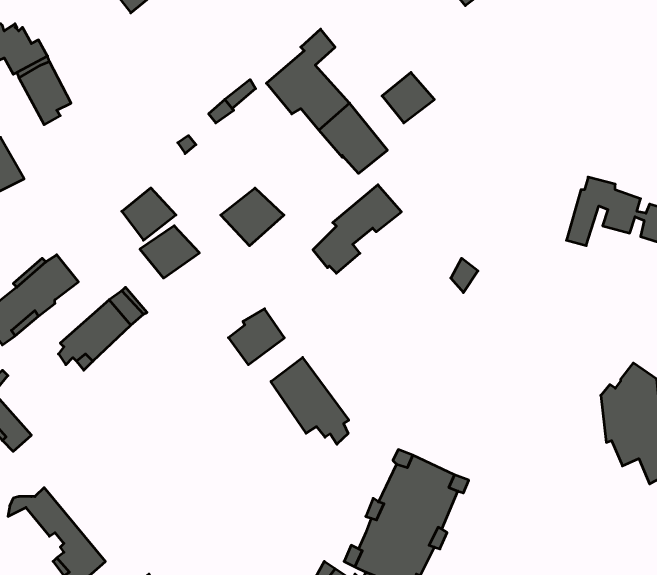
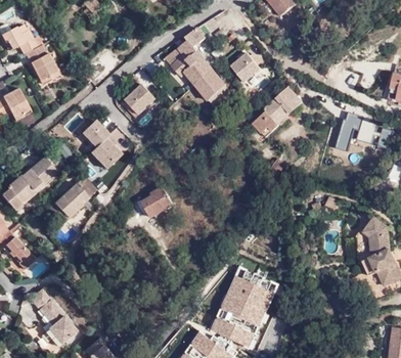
building: [313,185,401,273] -> [255,87,305,137]
building: [221,188,284,246] -> [128,83,164,116]
building: [271,357,349,444] -> none

